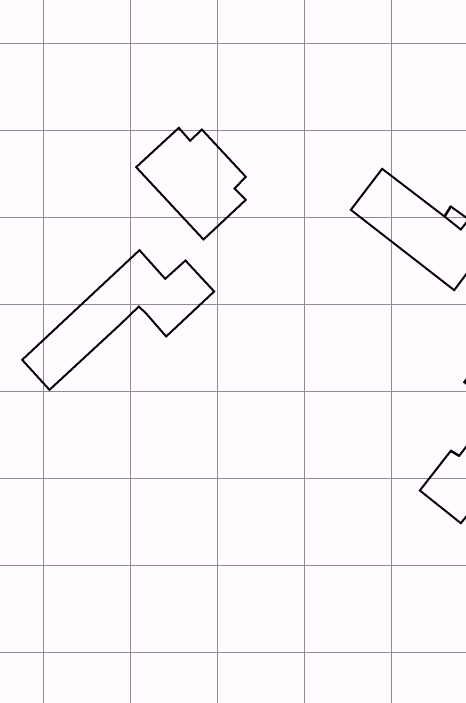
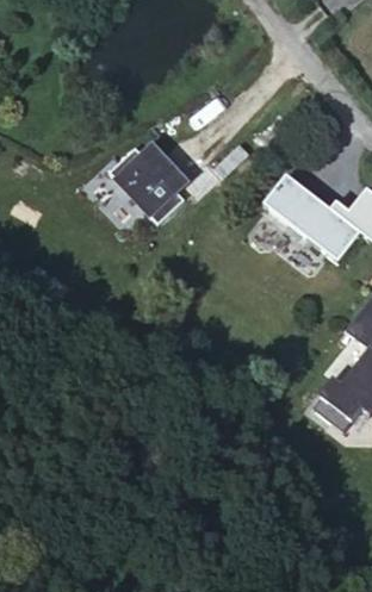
building: [22,250,214,390] -> none

